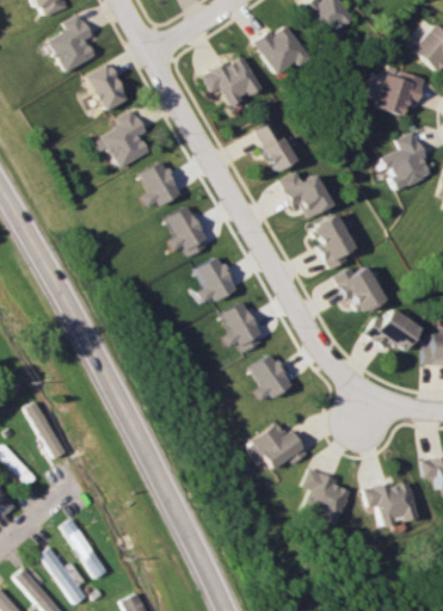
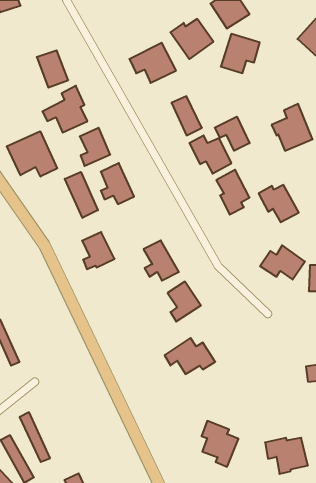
building: [47,13,94,73] -> none
building: [375,67,424,116] -> [221,34,260,73]
building: none -> [215,117,250,151]
building: none -> [7,131,57,177]
building: none -> [65,172,98,218]
building: [195,257,235,303] -> [82,232,115,269]
building: [333,266,383,313] -> [259,185,299,222]
building: [303,468,350,525] -> [201,421,239,467]
building: [364,482,418,527] -> [265,438,308,474]

